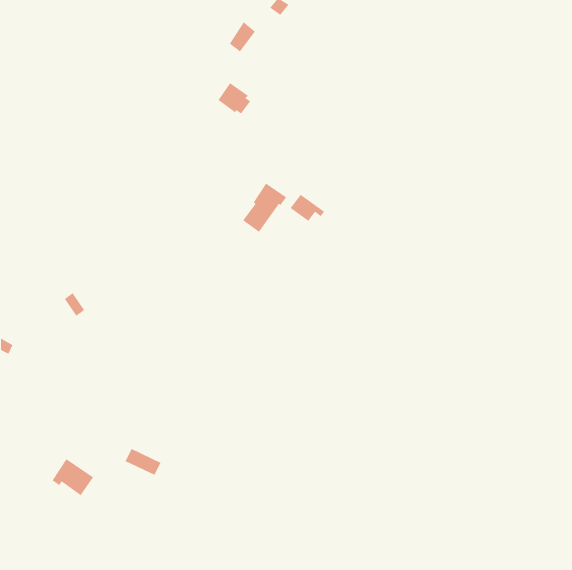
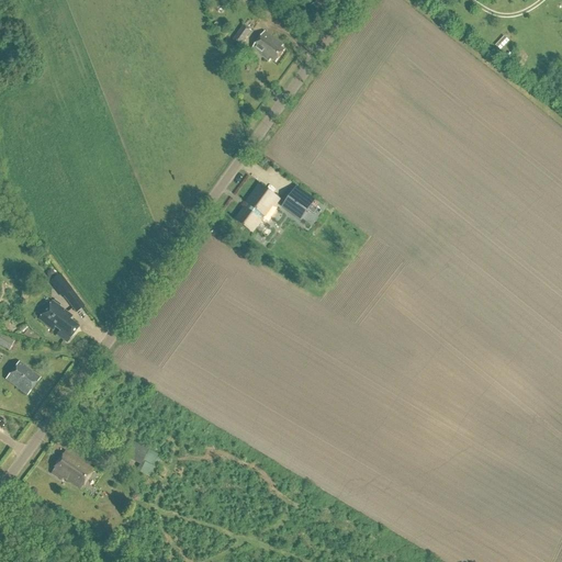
building: [218,82,251,115] -> [251,32,284,64]
building: none -> [38,300,78,341]
building: none -> [5,360,41,394]

